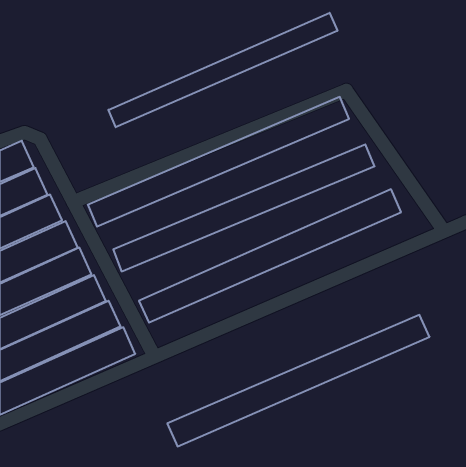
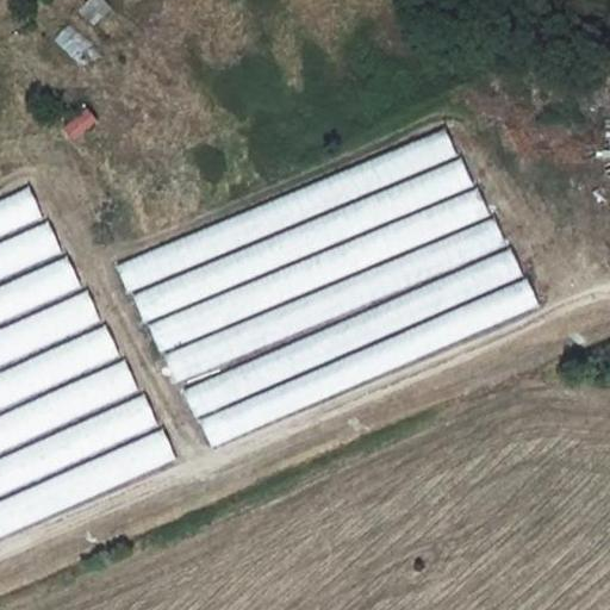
building: [108,13,337,127] -> none
building: none -> [131,156,472,325]
building: none -> [163,218,504,384]
building: [167,315,430,446] -> [197,279,539,450]

